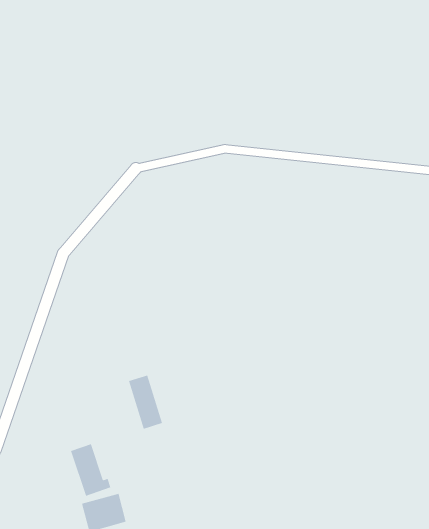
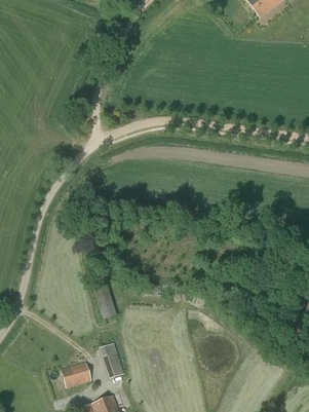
building: [70,443,111,496] -> [100,341,127,377]

